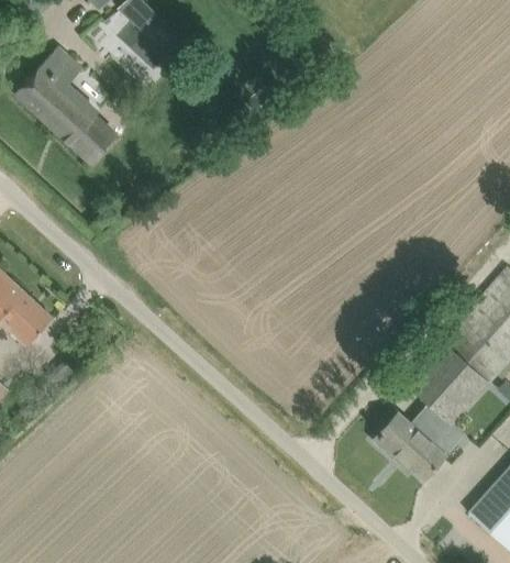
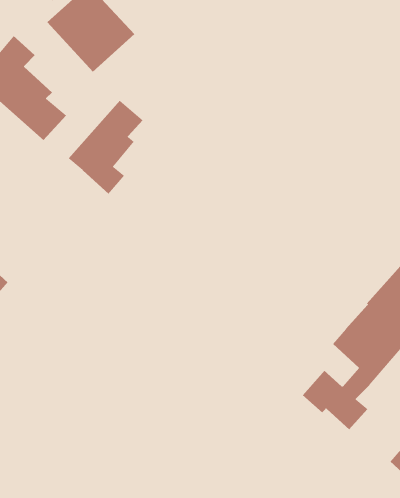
building: none -> [68,100,144,194]

